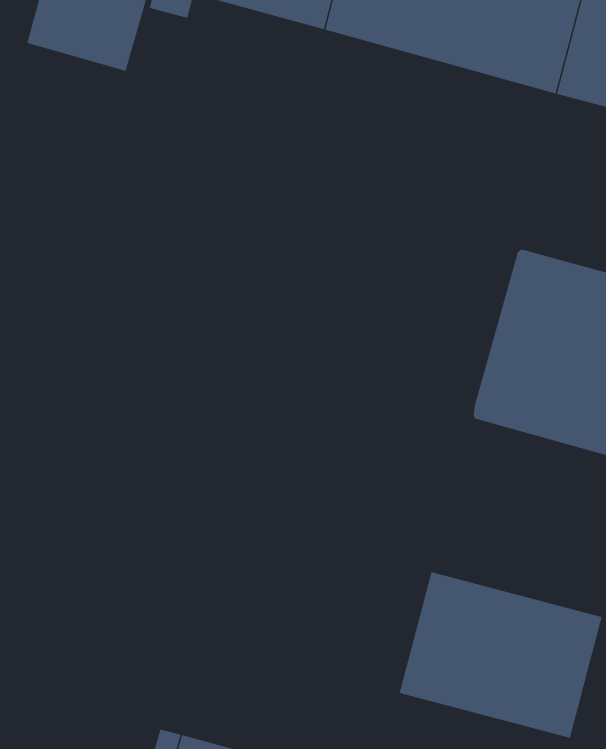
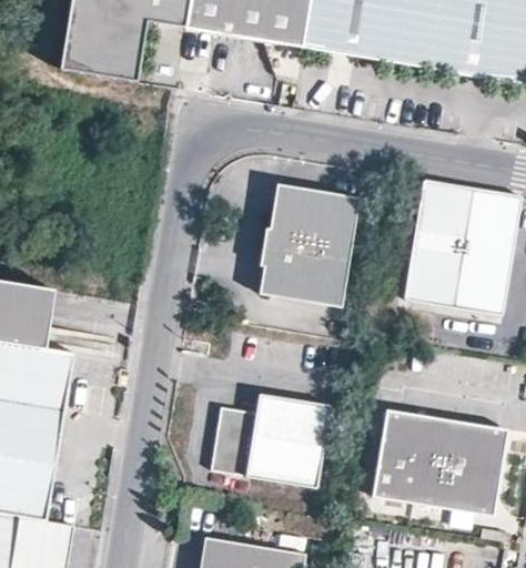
building: none -> [259,184,358,304]
building: none -> [210,392,331,487]

